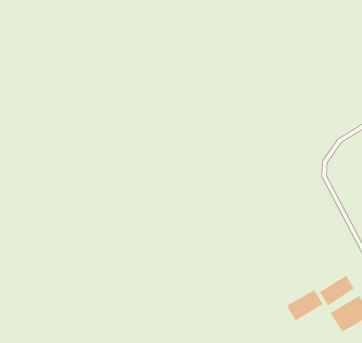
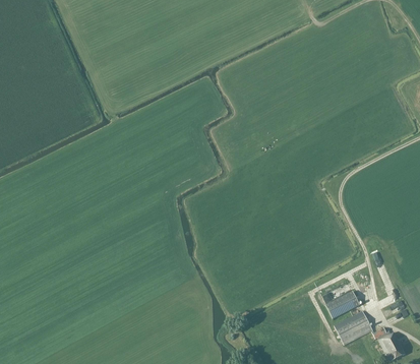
building: [286,289,323,321] -> none

